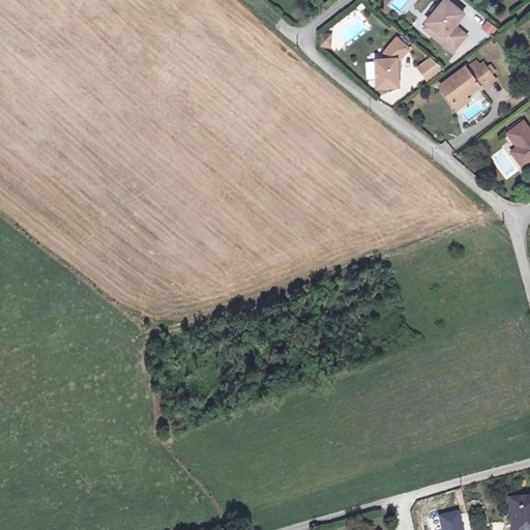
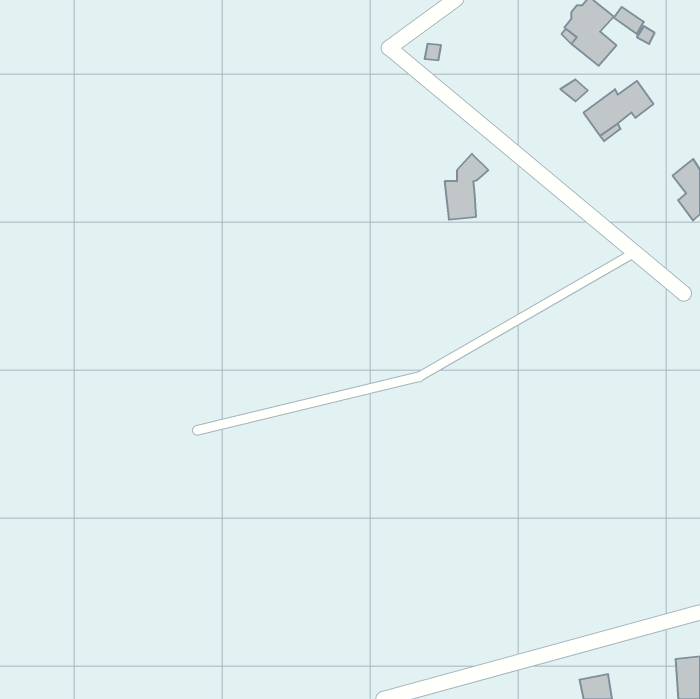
building: [376,36,409,86] -> [445,154,488,220]

